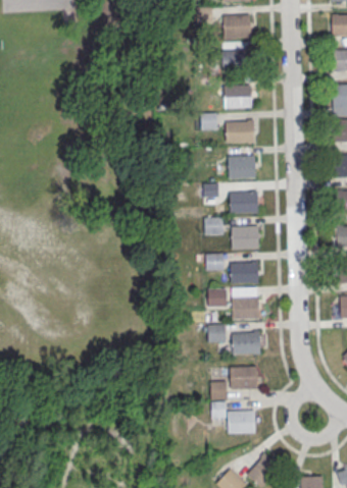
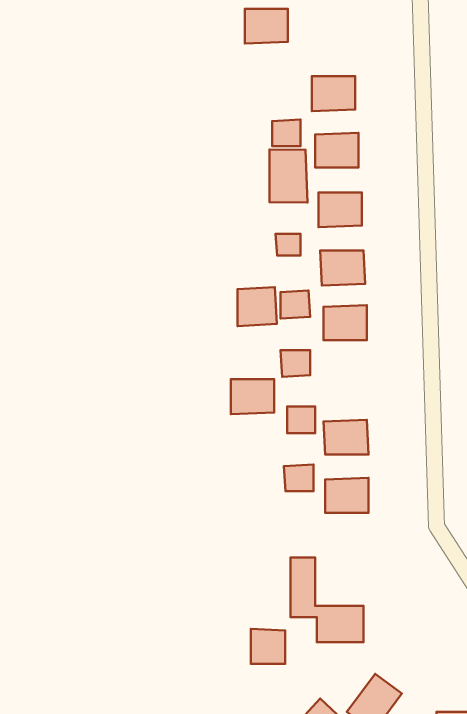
building: [224,50,250,71] -> [245,9,288,44]
building: none -> [270,150,307,202]
building: none -> [237,287,277,326]
building: [232,262,258,283] -> [231,379,274,414]
building: [230,367,258,390] -> none
building: none -> [251,629,285,664]

